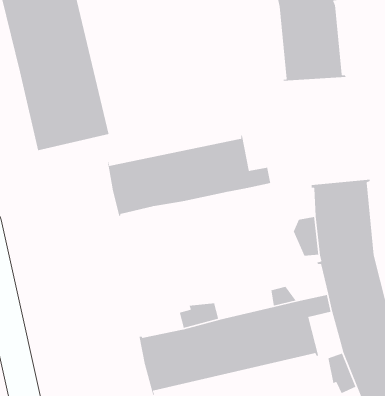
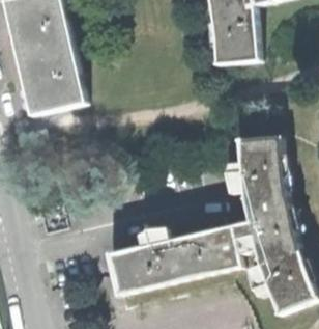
building: [107,134,271,217] -> none

